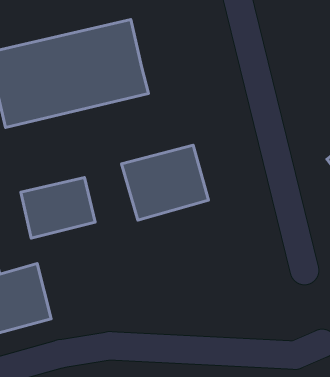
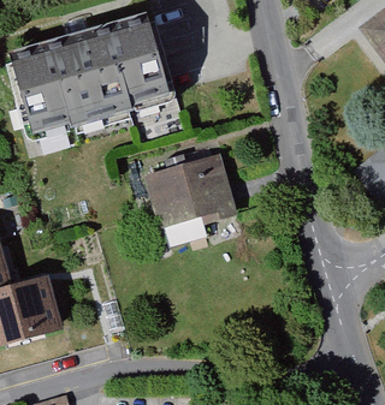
building: [21,177,95,238] -> none

